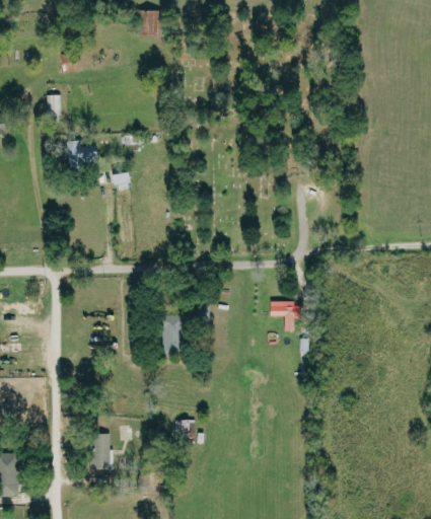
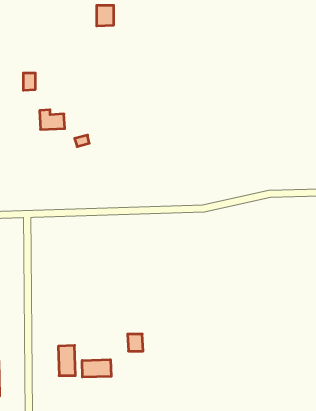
building: [270,301,296,331] -> none
building: [159,314,178,353] -> none
building: none -> [82,360,111,377]

